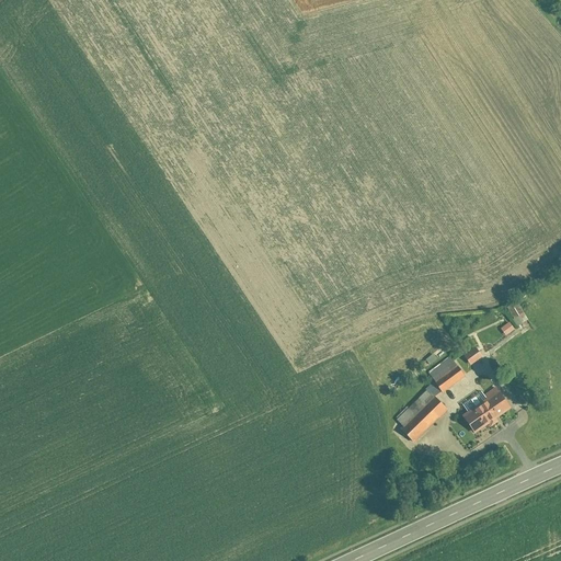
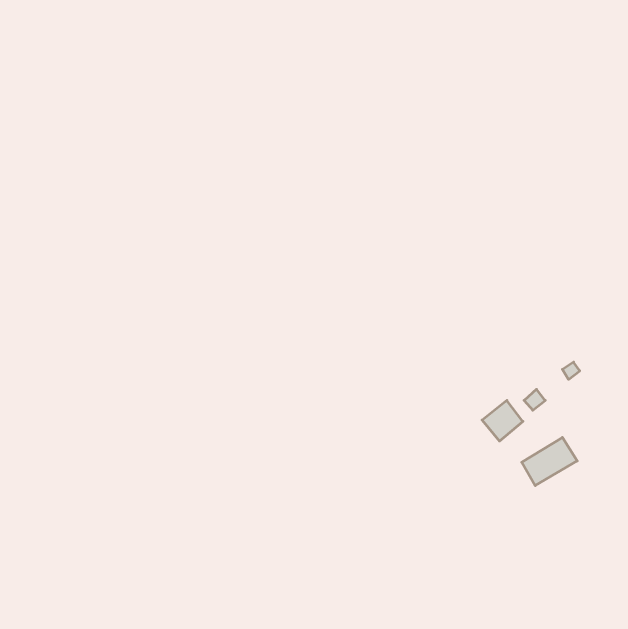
building: [397,391,445,439] -> none

